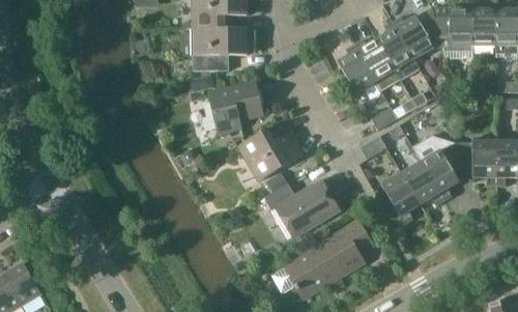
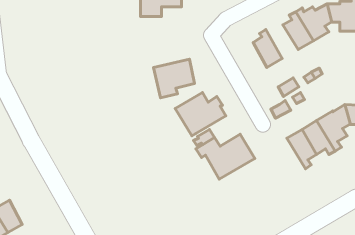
building: [193,28,246,70] -> none
building: [354,38,396,82] -> none
building: [270,222,372,297] -> none

